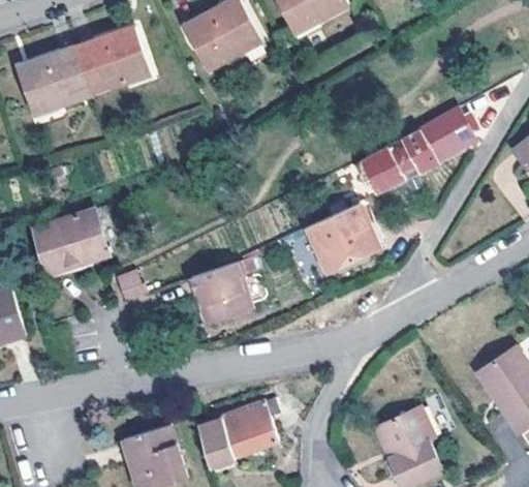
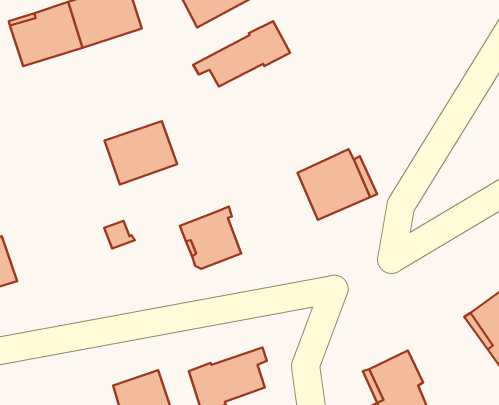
building: none -> [193,21,290,87]
building: [361,109,472,191] -> none
building: [32,211,105,275] -> [105,121,177,184]

